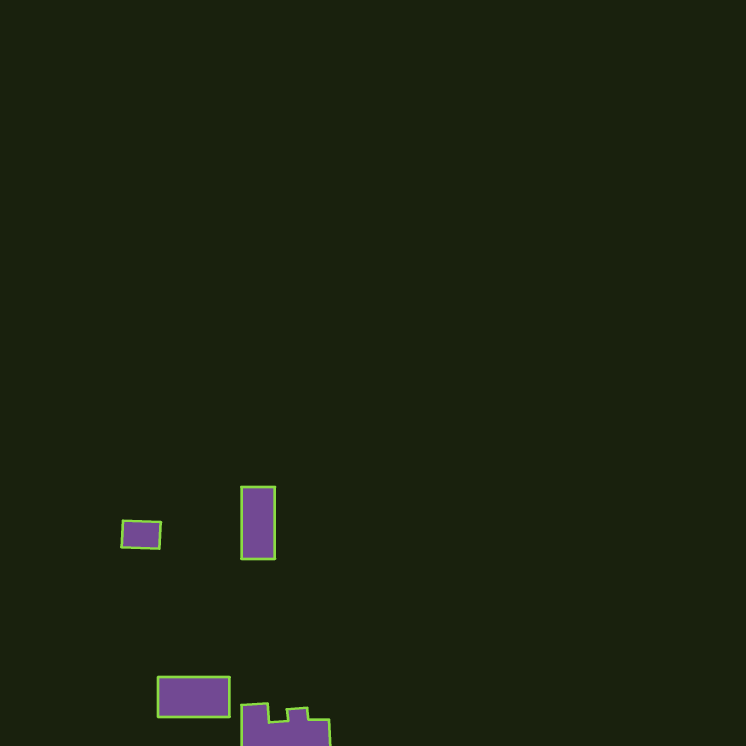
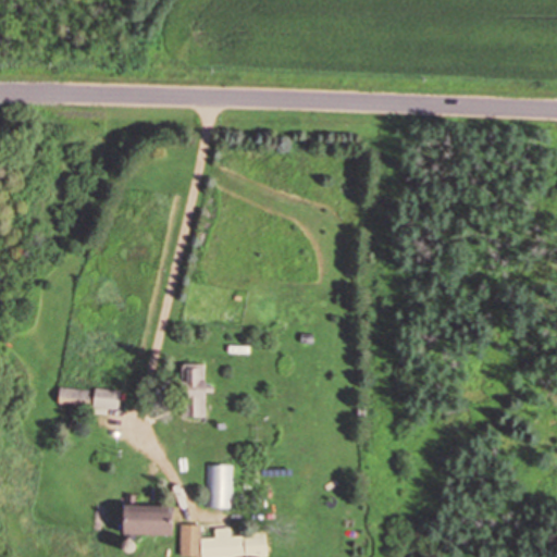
building: none -> [59,388,89,406]
building: none -> [208,466,235,508]

